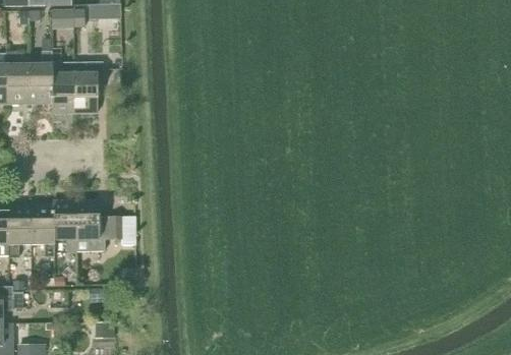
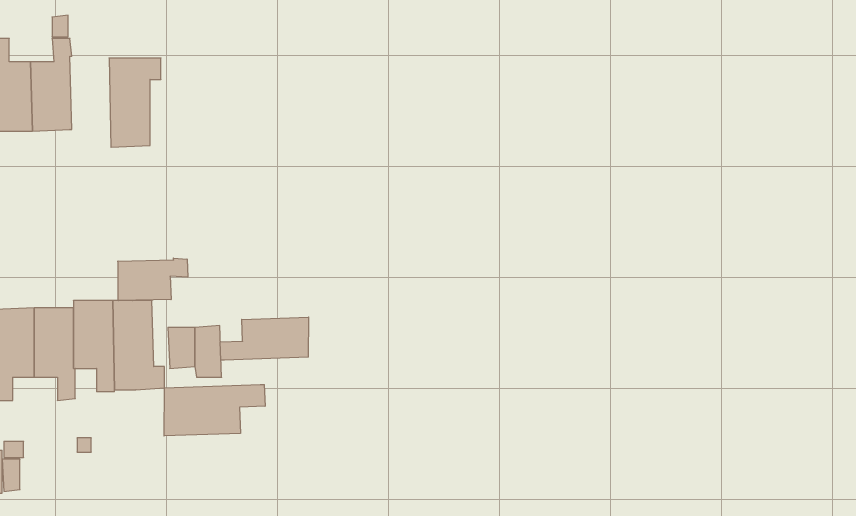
building: [50,61,73,113] -> none
building: none -> [118,258,188,301]
building: none -> [220,317,309,360]
building: none -> [164,385,265,436]

